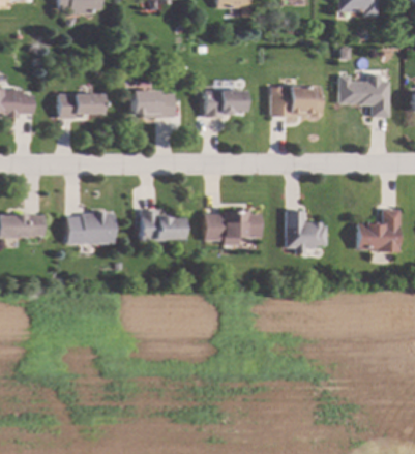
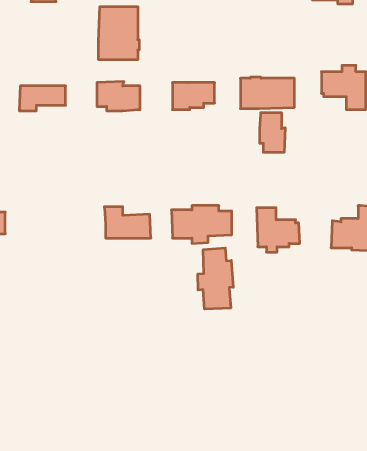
building: none -> [99,7,139,60]
building: none -> [260,113,285,152]
building: [66,211,115,244] -> none
building: none -> [198,248,233,309]

